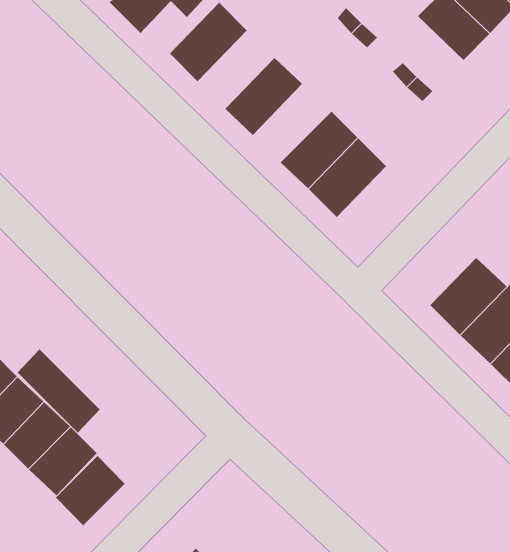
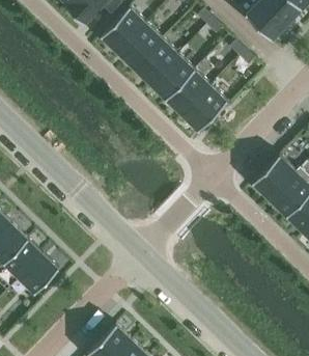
building: none -> [117,23,162,69]
building: none -> [149,54,195,100]
building: [17,349,101,434] -> none
building: [55,455,125,526] -> none

